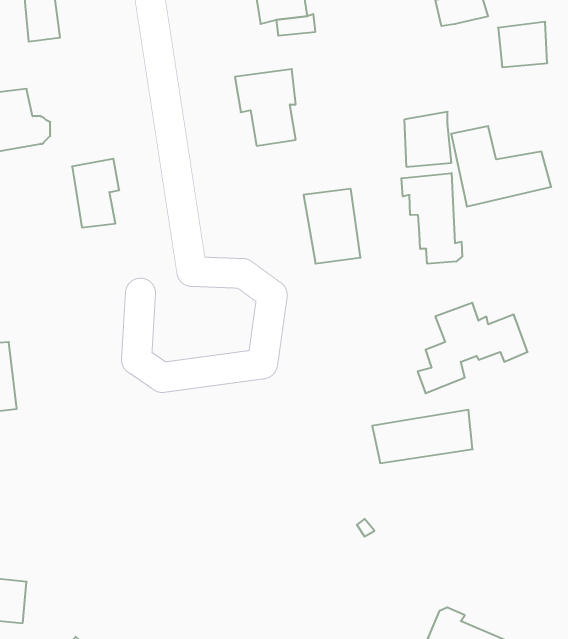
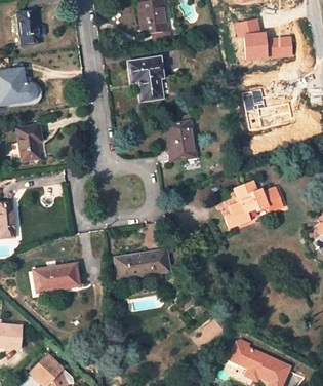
building: [404,112,451,167] -> [244,31,269,60]
building: [72,159,119,227] -> [16,124,41,160]
building: [402,173,462,264] -> none
building: [372,410,473,463] -> [115,249,167,277]
building: none -> [33,264,77,291]

